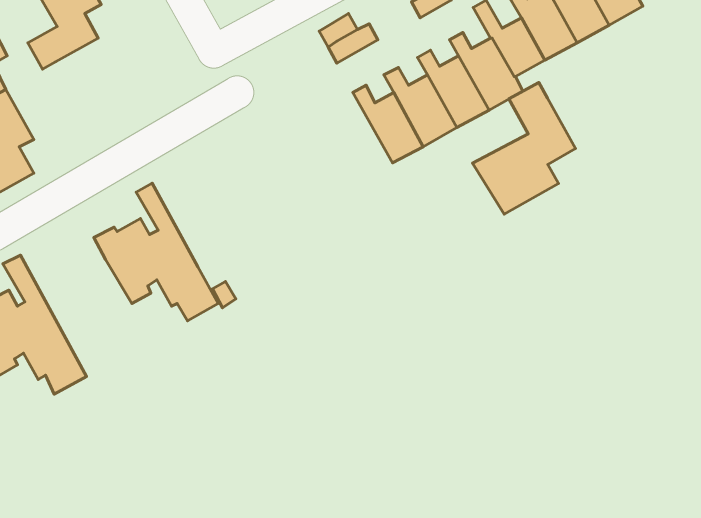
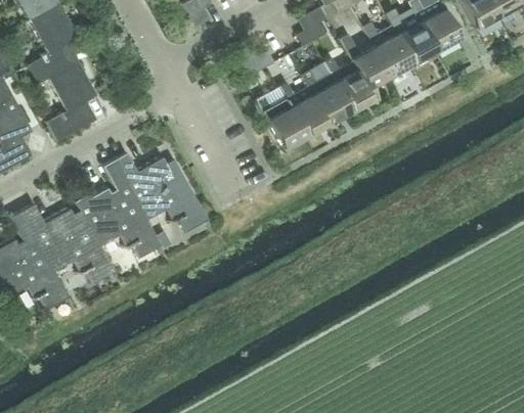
building: none -> [46,60,96,141]
building: [472,82,575,214] -> none
building: none -> [115,154,207,232]
building: none -> [23,204,115,283]

